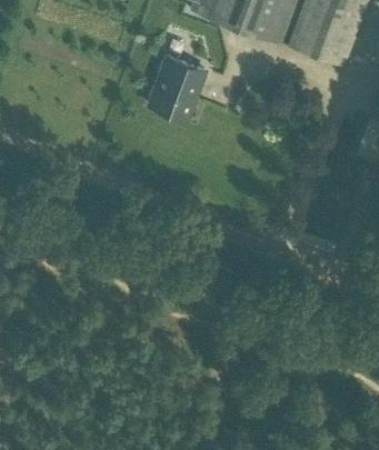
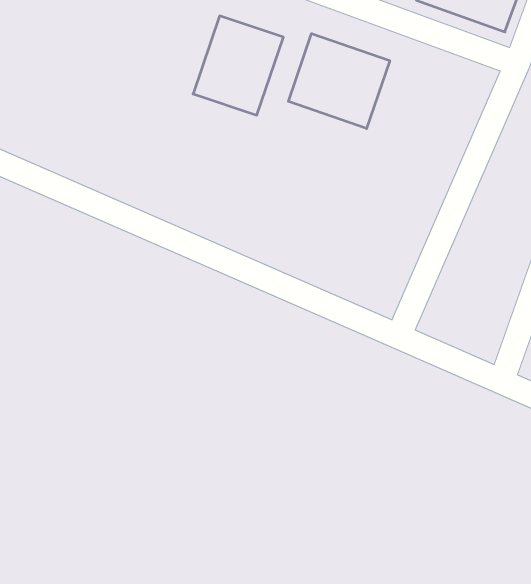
building: none -> [288,34,390,129]

